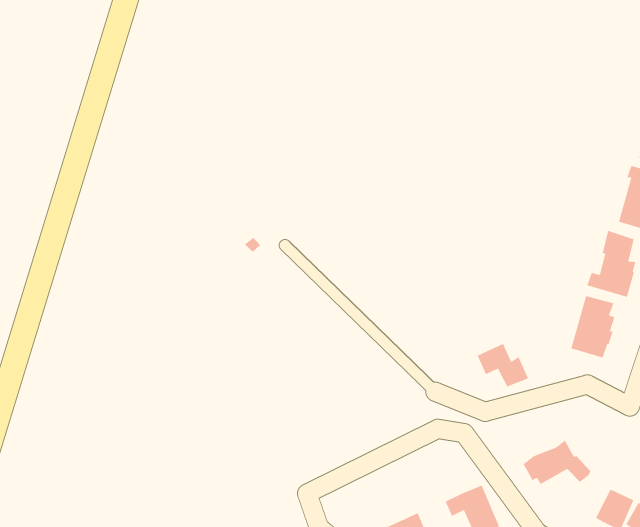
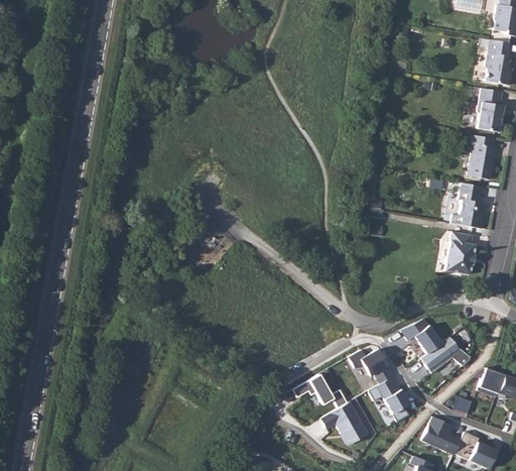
building: [477,343,529,387] -> [404,319,443,350]
building: none -> [350,347,395,383]
building: none -> [293,373,348,407]

